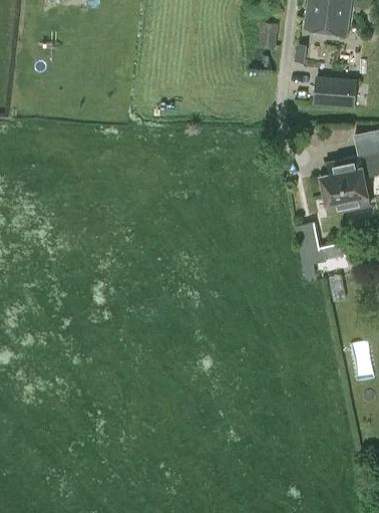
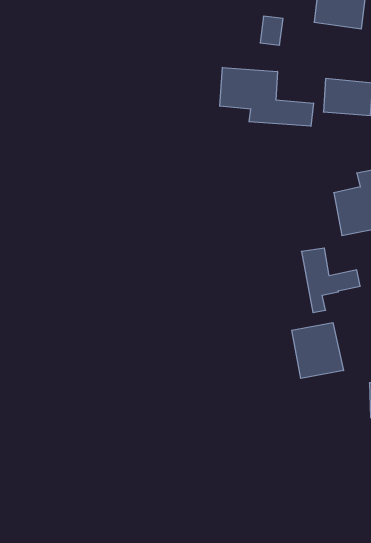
building: none -> [220,67,313,126]
building: none -> [292,323,344,378]

